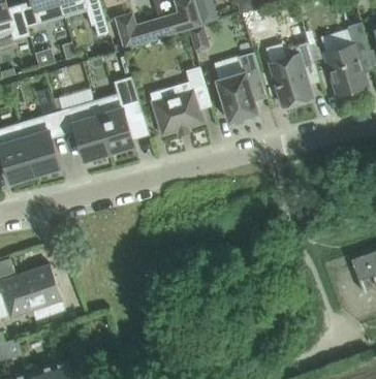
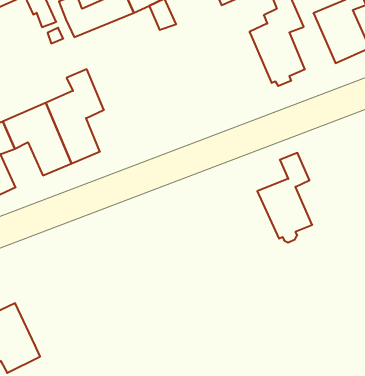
building: [215,53,259,126] -> [257,153,312,242]
building: [149,67,211,135] -> none

